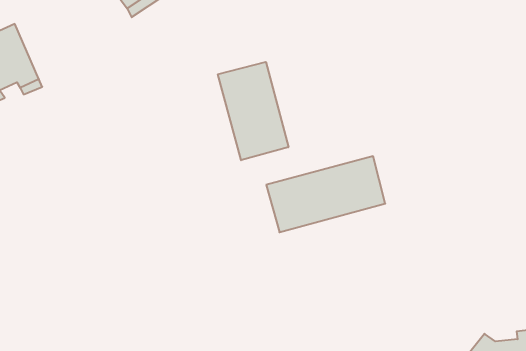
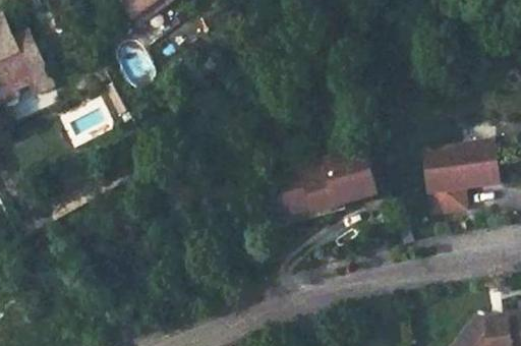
building: [218,62,288,160] -> none
building: none -> [422,141,497,211]

